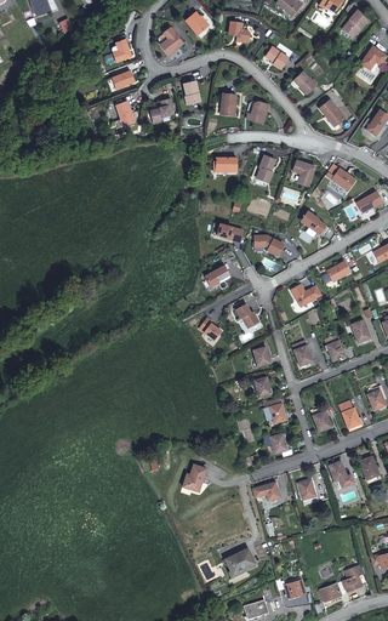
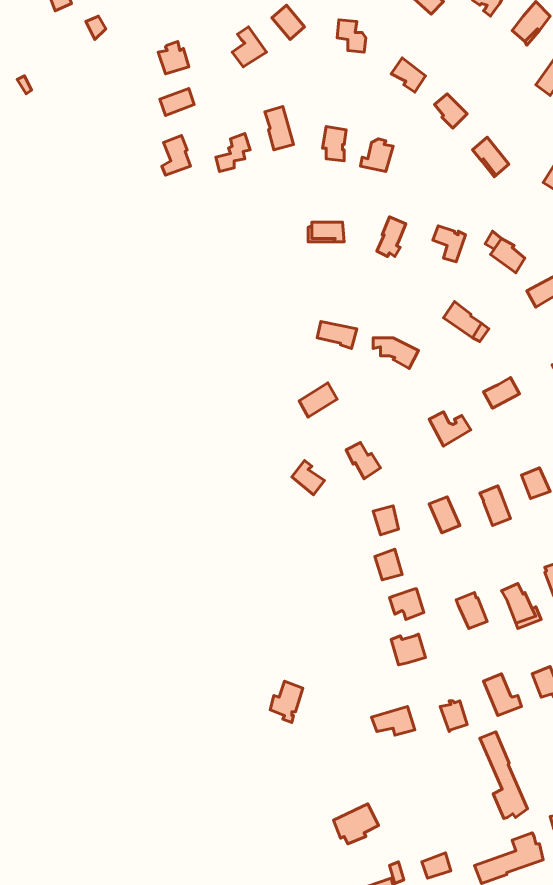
building: none -> [480,732,527,818]

